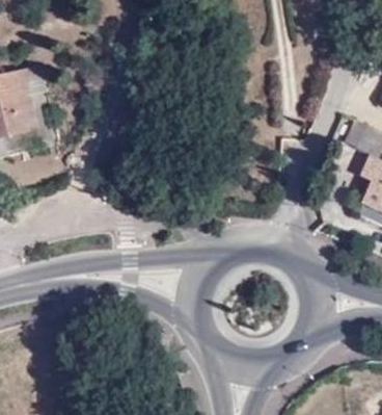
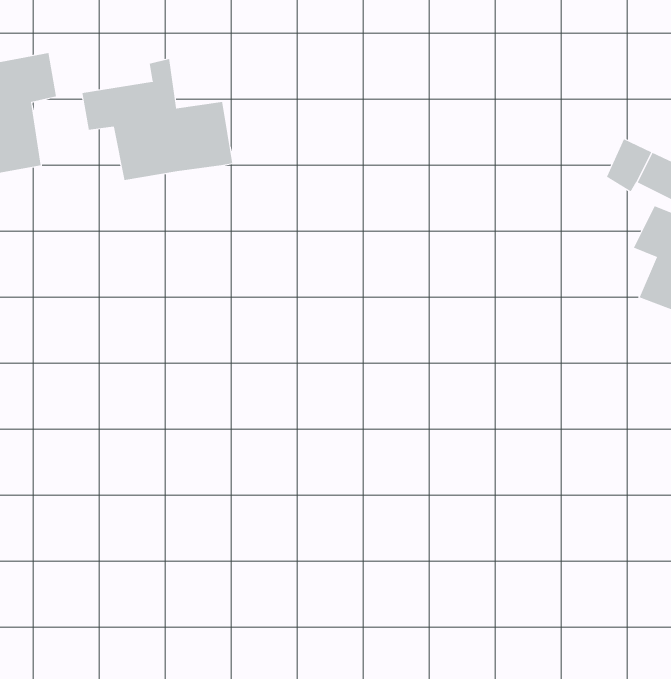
building: none -> [82,58,233,181]

